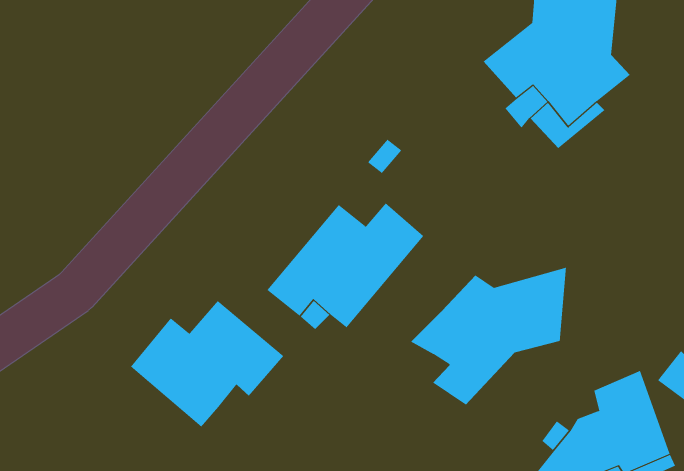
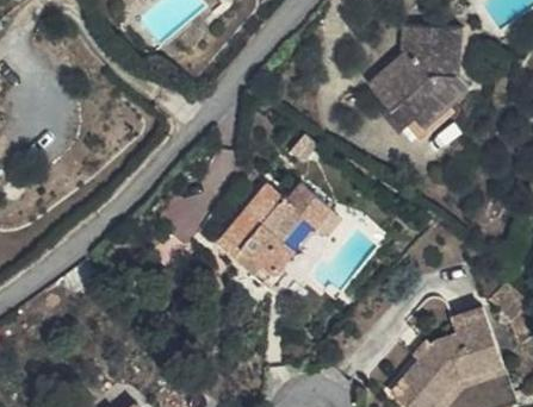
building: [410,267,567,406] -> none
building: [130,300,284,428] -> none

